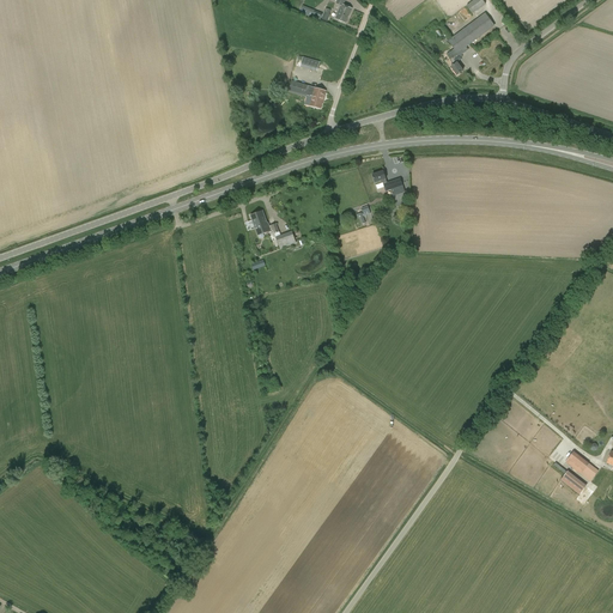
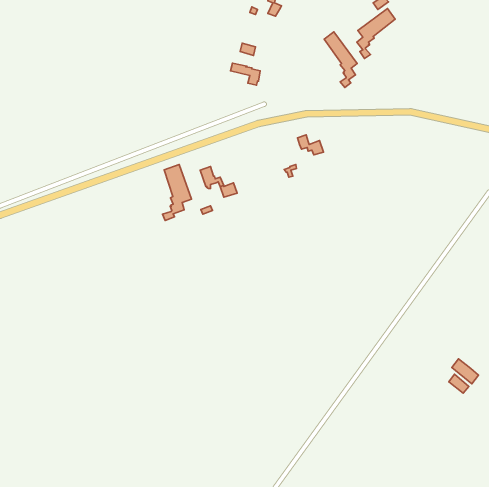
building: none -> [324,32,357,87]
building: none -> [163,164,192,221]

